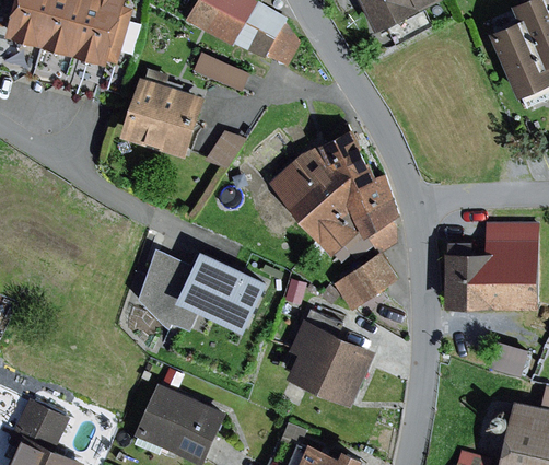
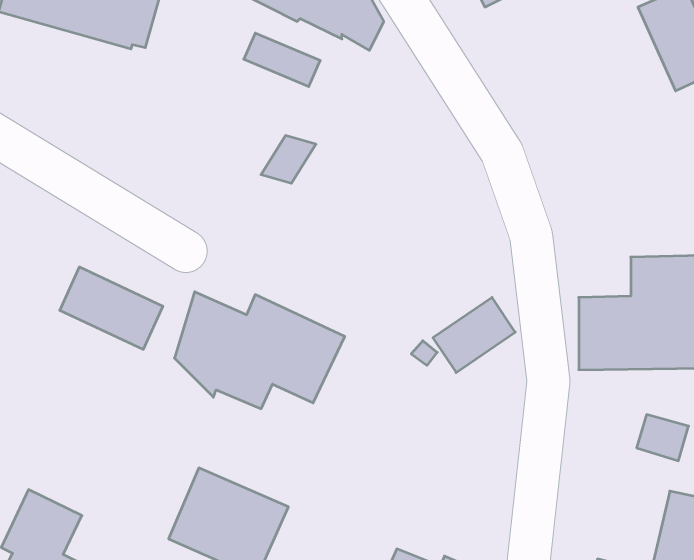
building: [120,78,205,156] -> none
building: [268,129,400,256] -> none
building: none -> [60,267,163,349]
building: [288,319,376,406] -> none

